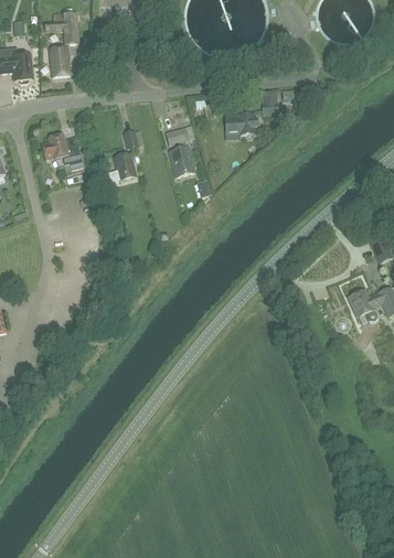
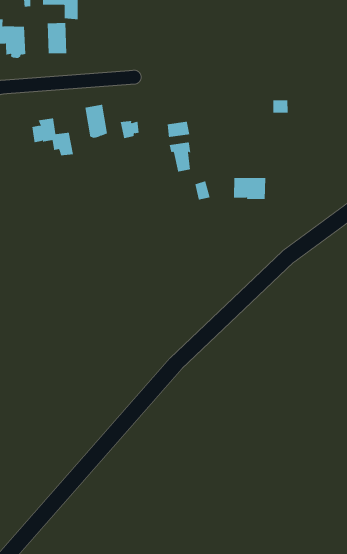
building: [224,112,255,133] -> [233,177,266,199]
building: [113,151,136,183] -> [85,104,108,138]

